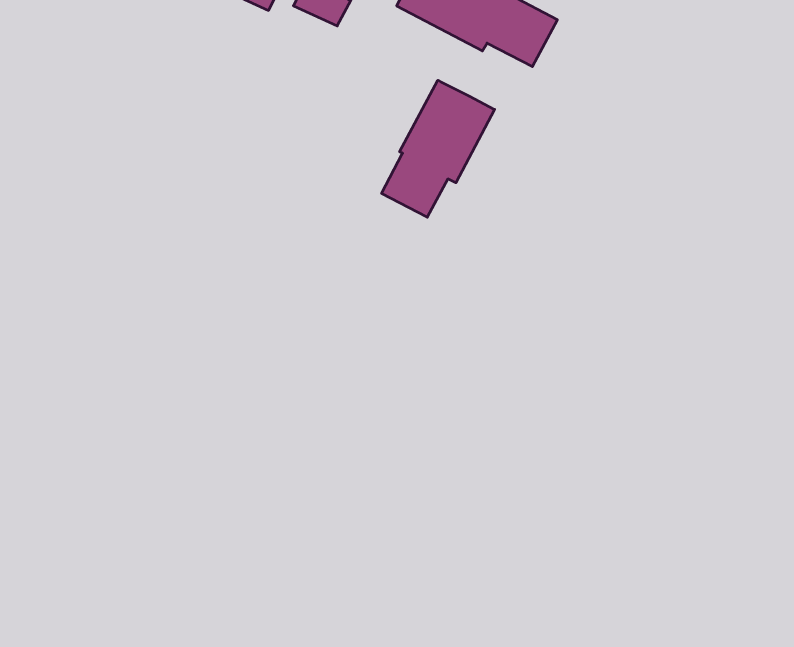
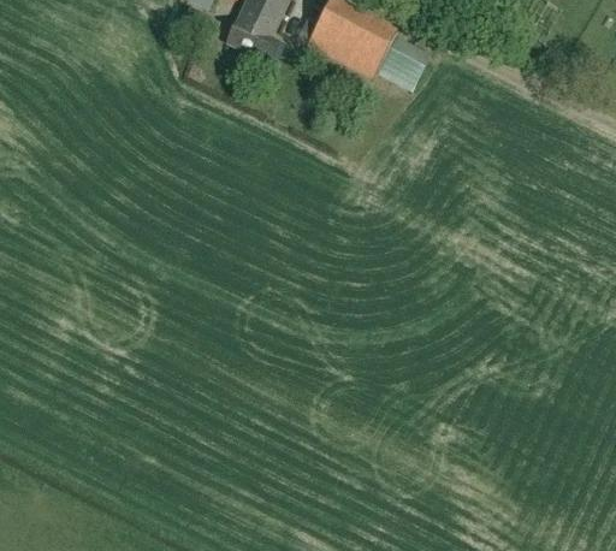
building: [382,80,495,217] -> none

